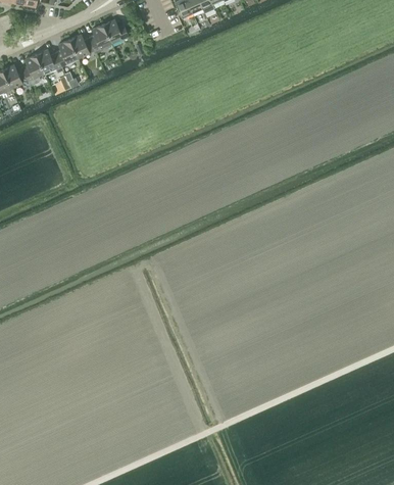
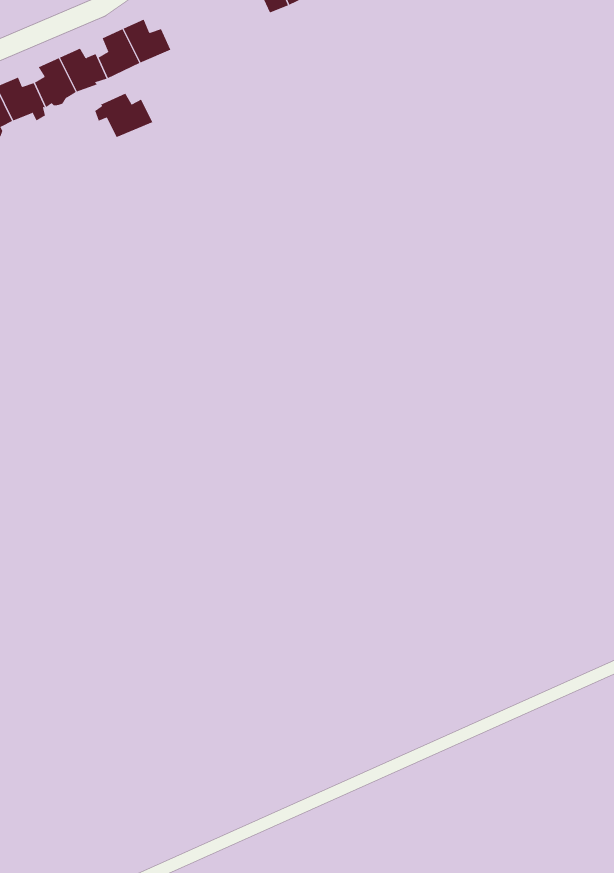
building: none -> [95,93,153,138]

